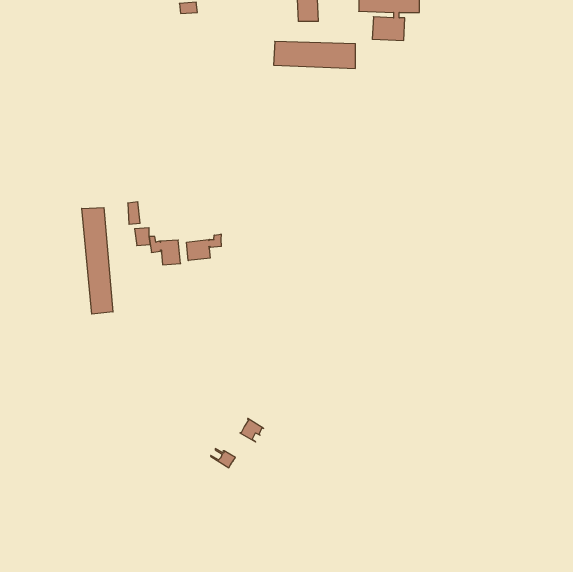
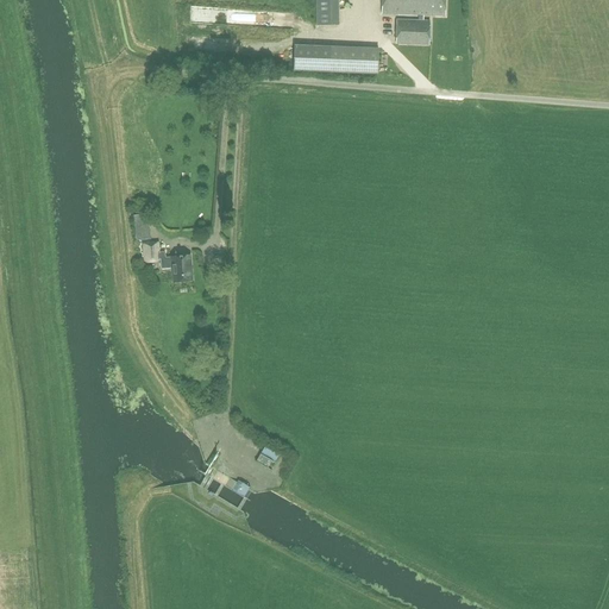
building: [82,208,113,314] -> none
building: [187,234,221,261] -> none

